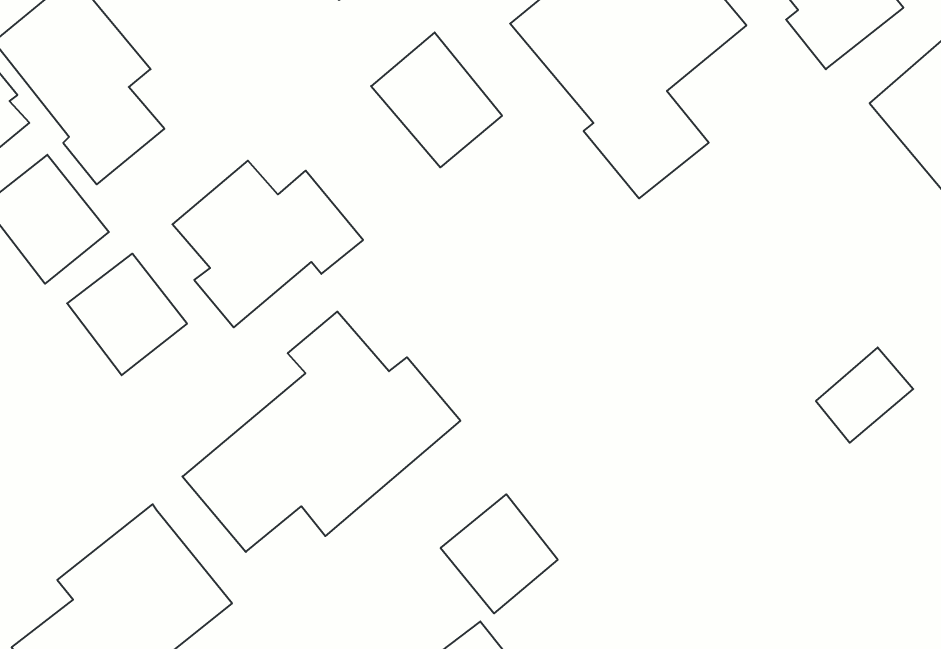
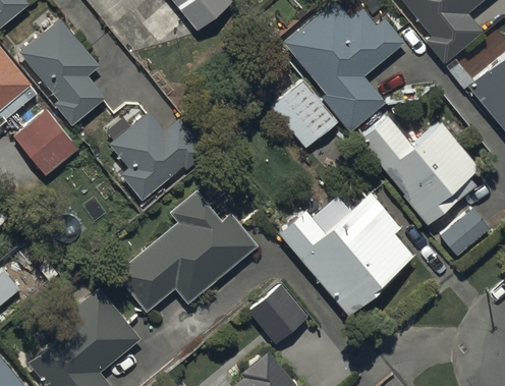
building: [371,32,502,167] -> [270,79,337,149]
building: none -> [357,112,480,222]
building: [67,254,187,375] -> none
building: none -> [277,191,412,313]

